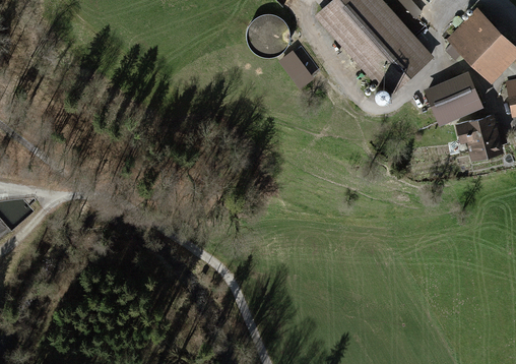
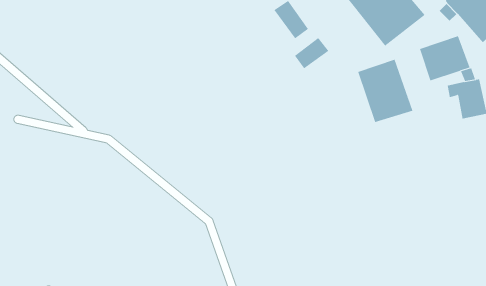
building: none -> [294,37,329,69]
building: none -> [357,59,413,123]

